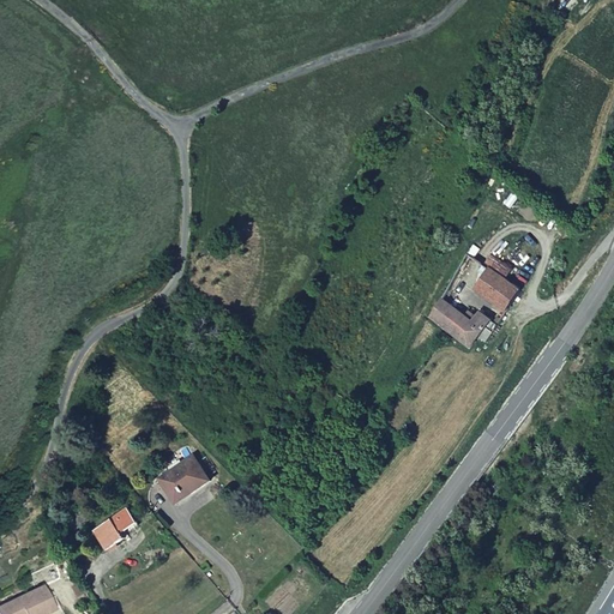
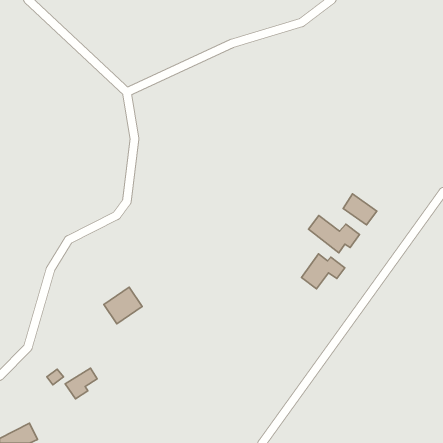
building: none -> [302,254,345,289]
building: [157,455,210,505] -> [104,287,142,324]

